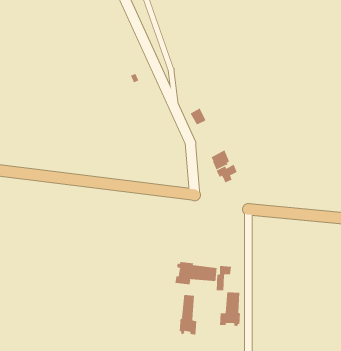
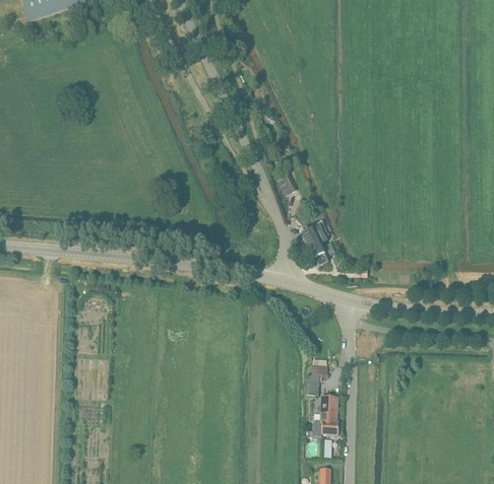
building: [175,261,217,285] -> none
building: [179,294,197,336] -> none

